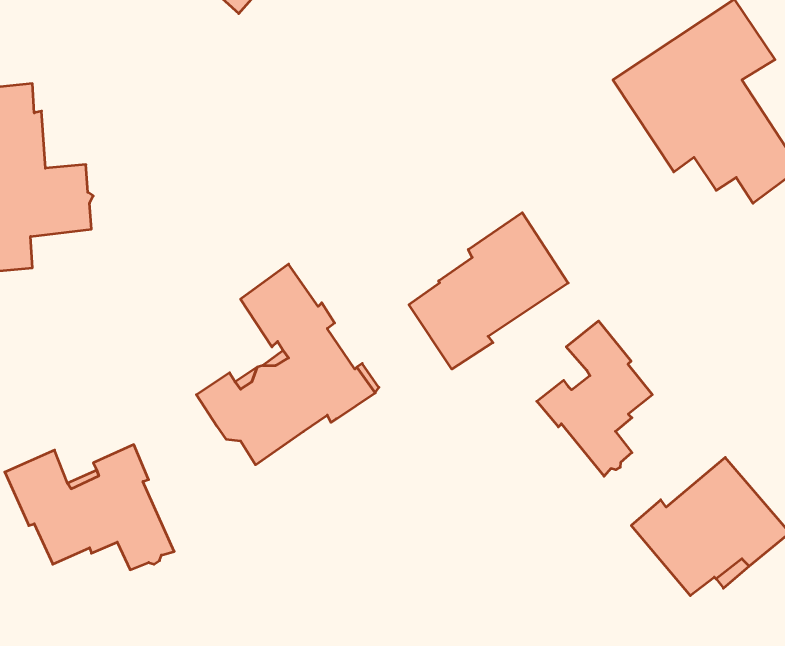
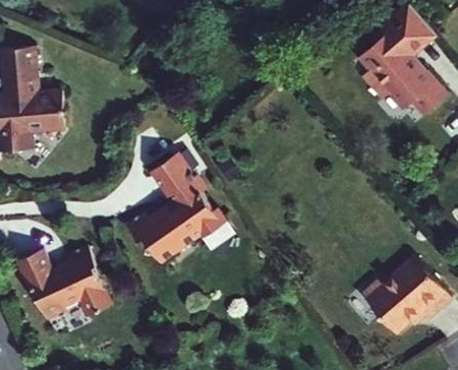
building: [409,213,568,369] -> none
building: [537,321,652,476] -> none

